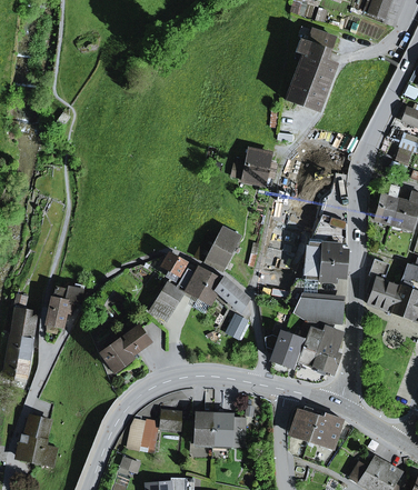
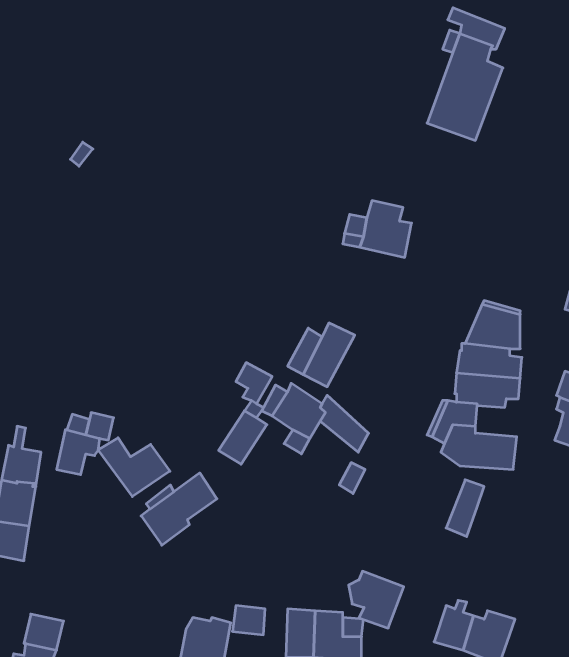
building: none -> [98,438,170,497]
building: [312,327,344,373] -> none
building: [266,329,301,366] -> [349,571,404,628]

